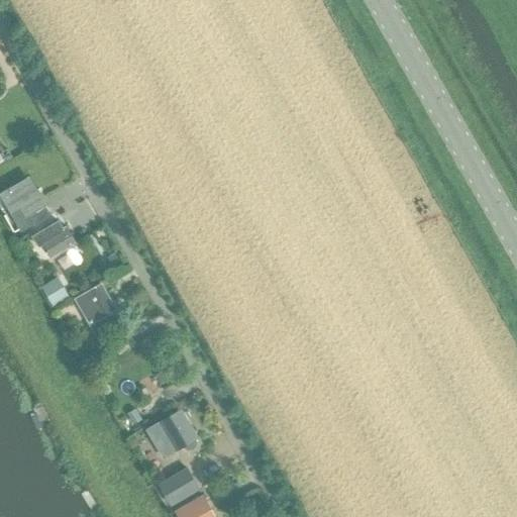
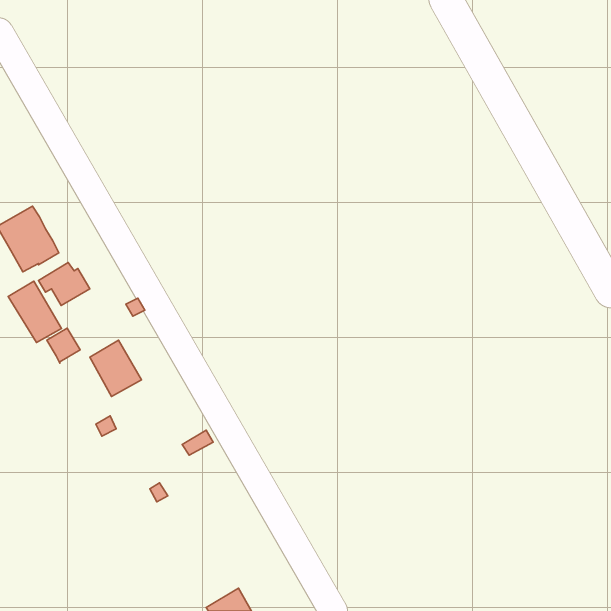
building: none -> [8,281,62,343]
building: [146,408,197,456] -> none
building: [159,472,197,507] -> none

